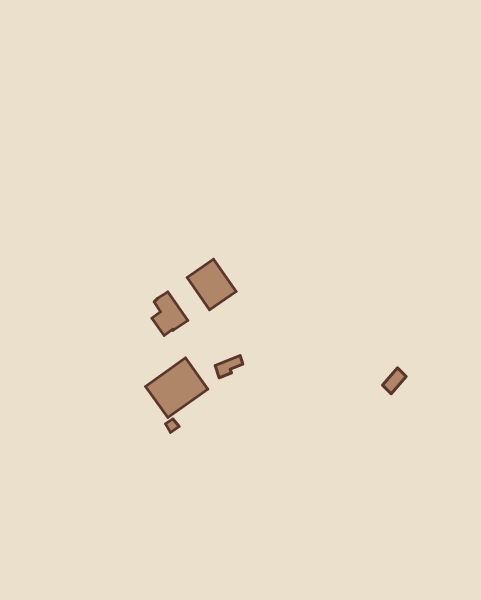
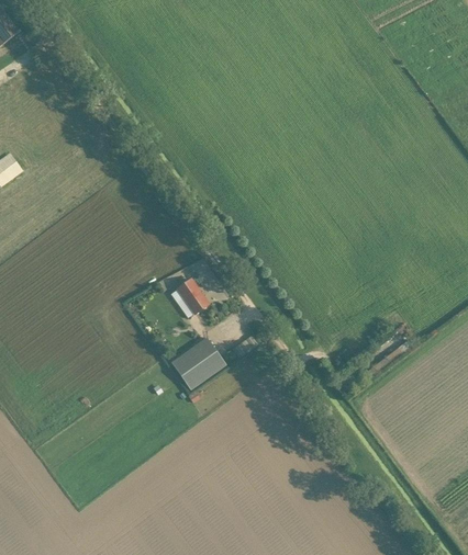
building: [187,259,236,310] -> none

